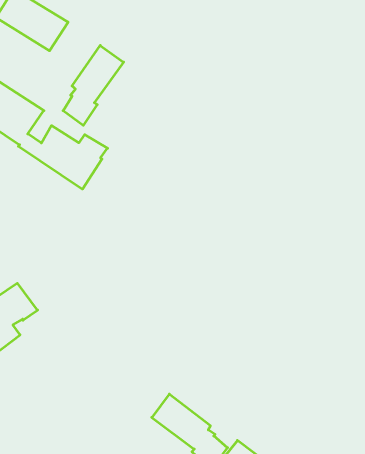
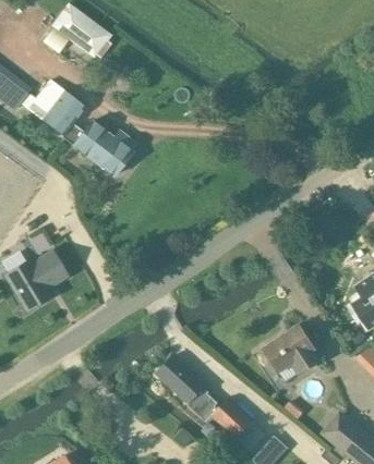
building: [63,45,124,125] -> none
building: none -> [263,326,319,383]

